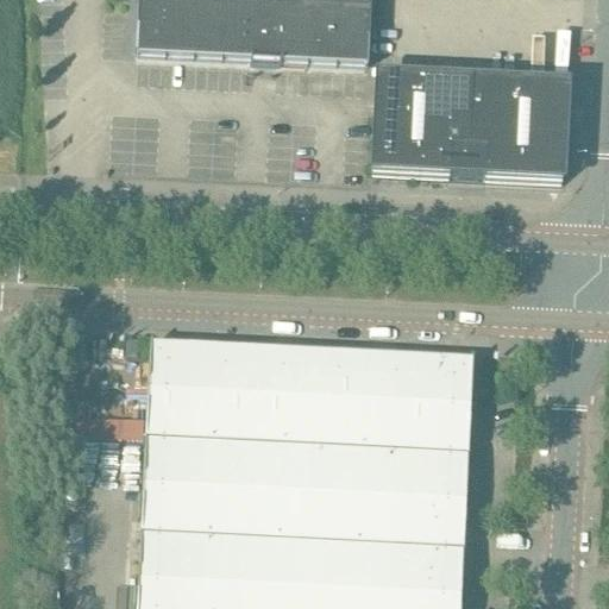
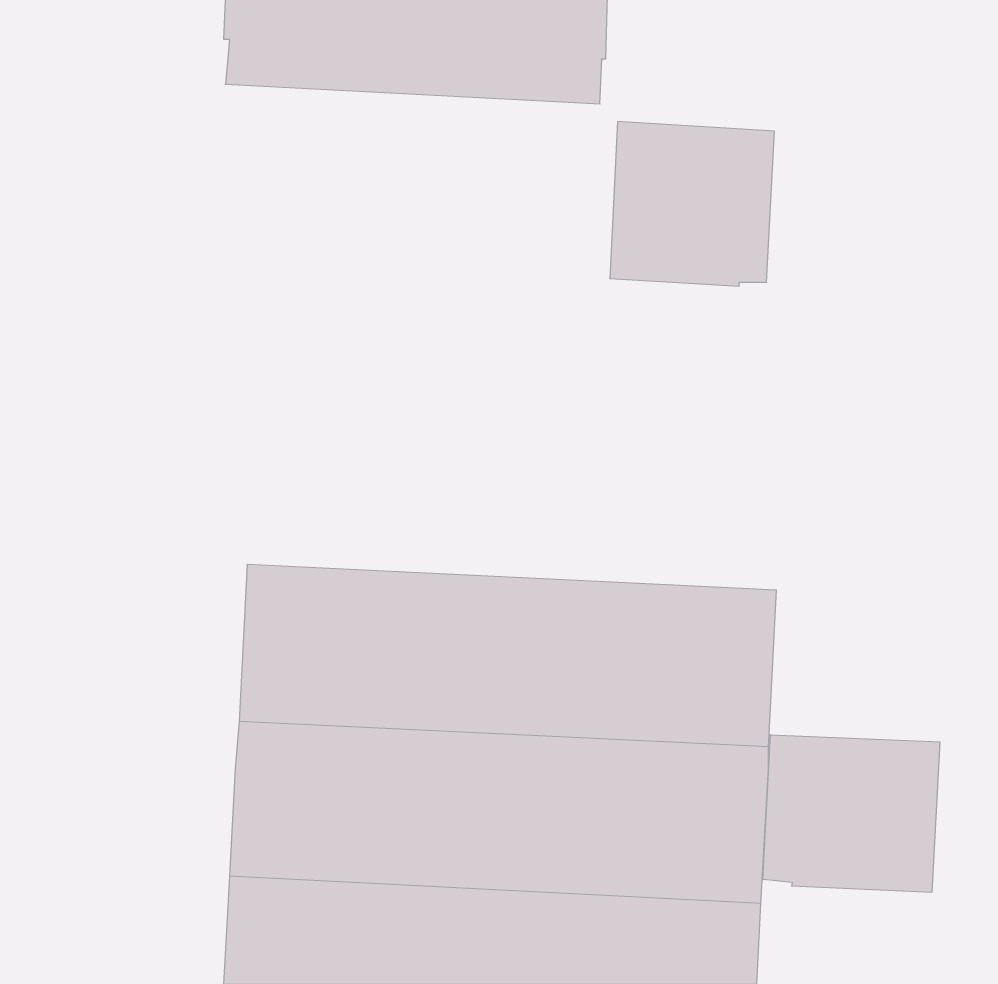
building: [467,80,567,178] -> none
building: none -> [763,735,940,892]

